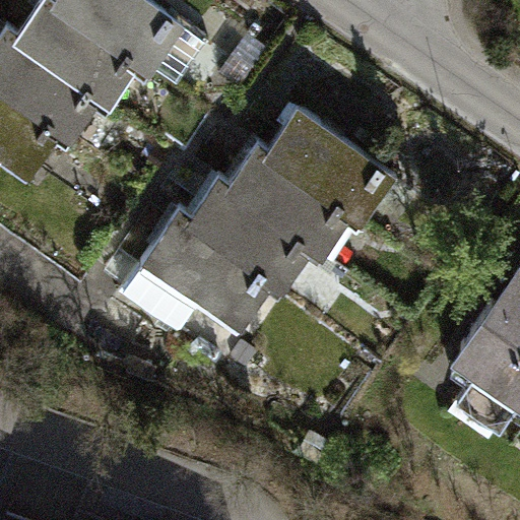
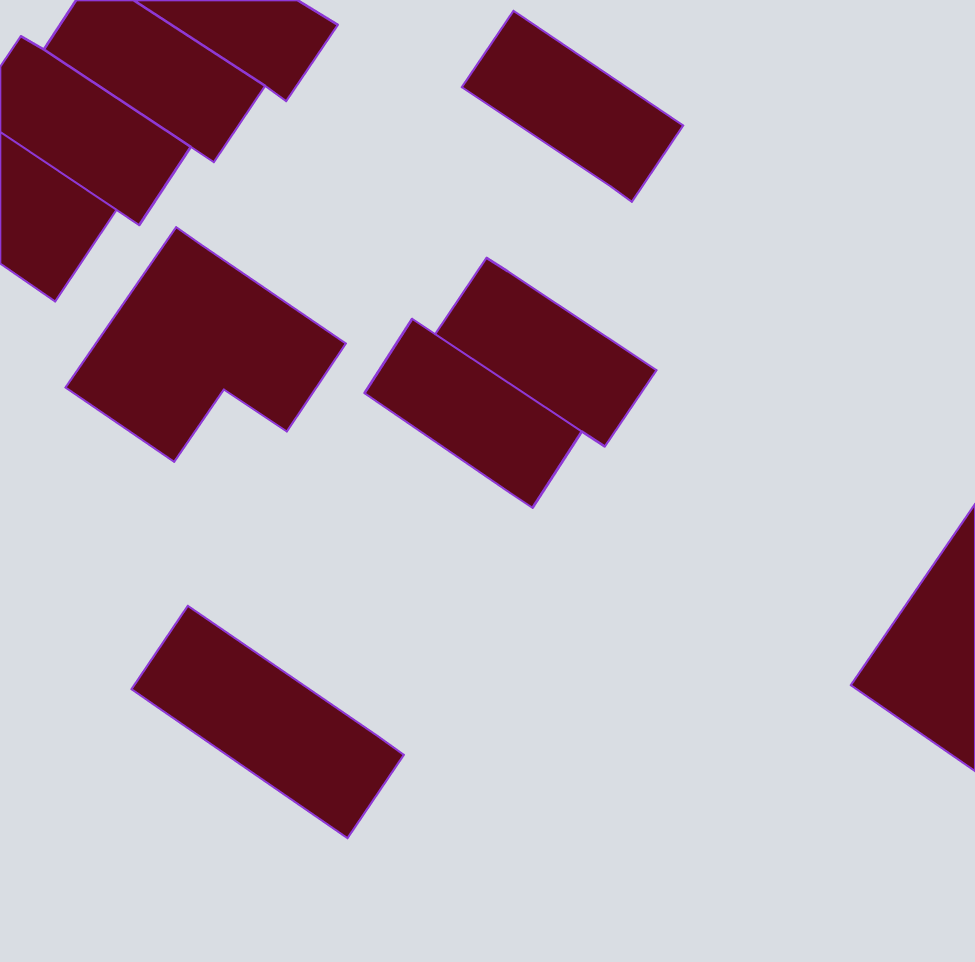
building: [270,111,388,212] -> [462,11,683,202]
building: [122,207,271,332] -> [65,227,346,462]
building: none -> [132,606,404,838]

